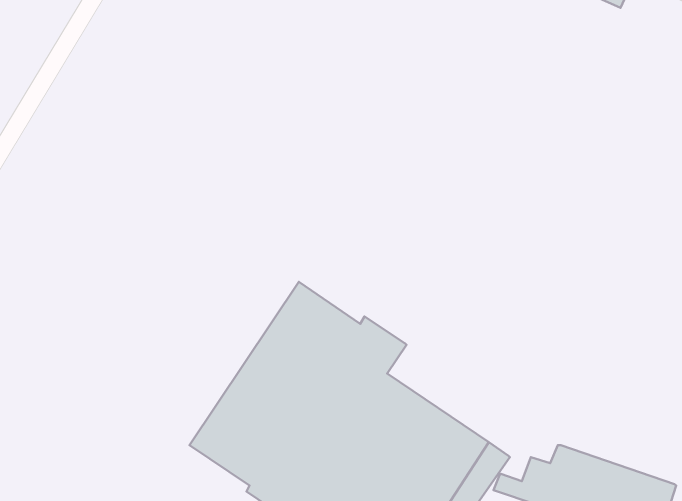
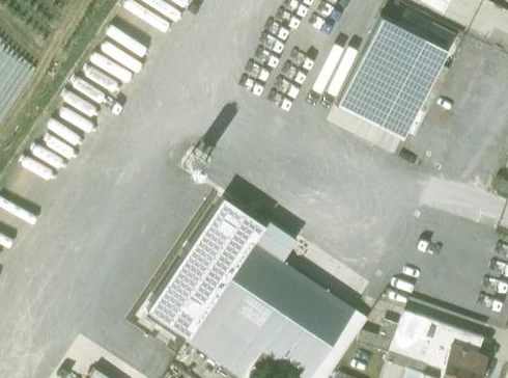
building: none -> [336,18,447,140]

